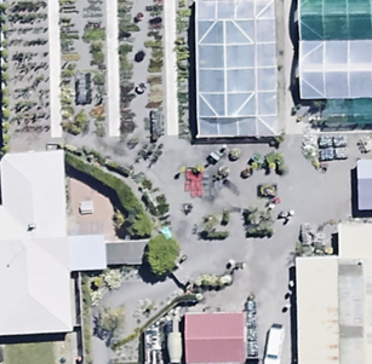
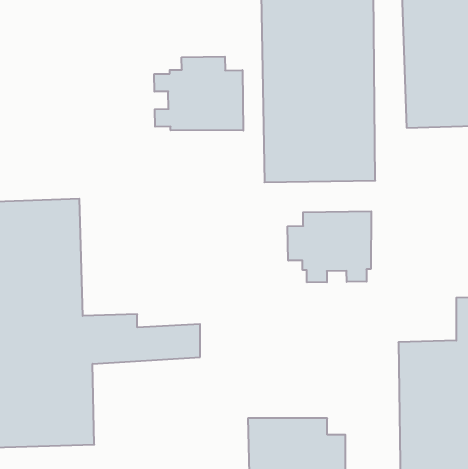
building: none -> [154,57,243,131]
building: none -> [288,211,371,282]

